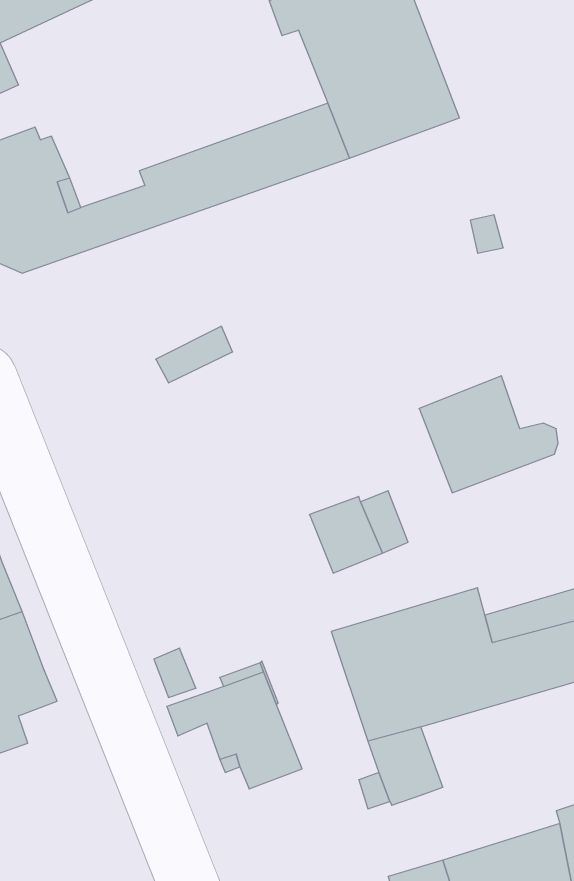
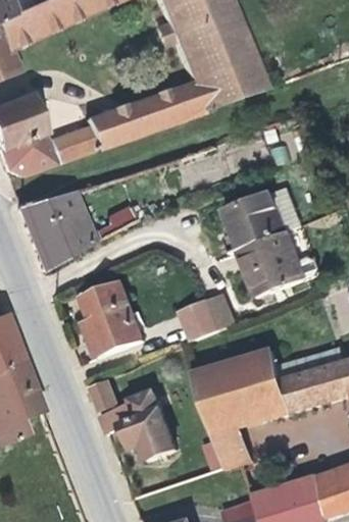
building: none -> [223,186,301,254]
building: none -> [15,189,94,270]
building: none -> [81,281,143,353]

